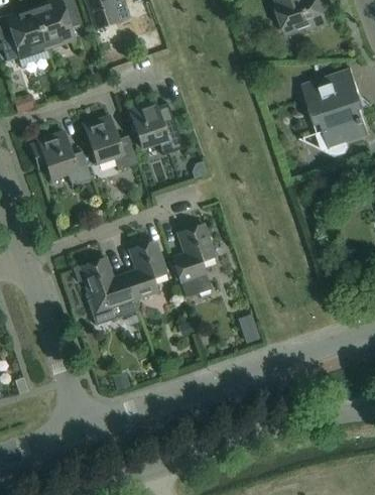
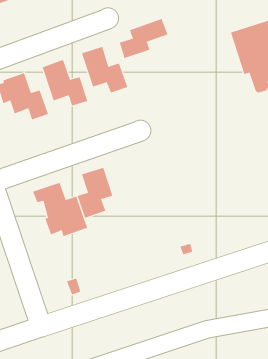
building: none -> [119,18,168,59]
building: [172,223,215,296] -> none

